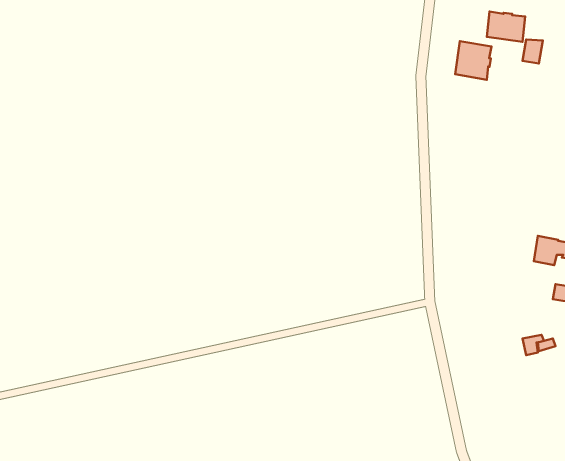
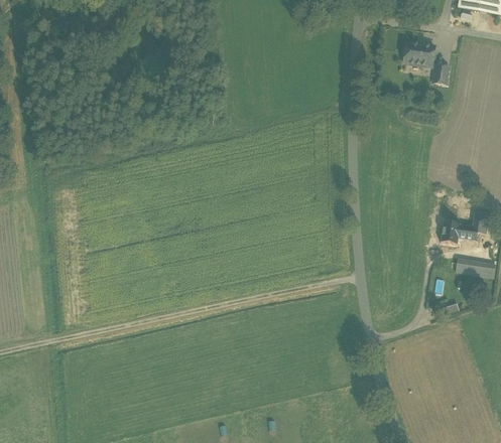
building: [455,41,492,80] -> none

